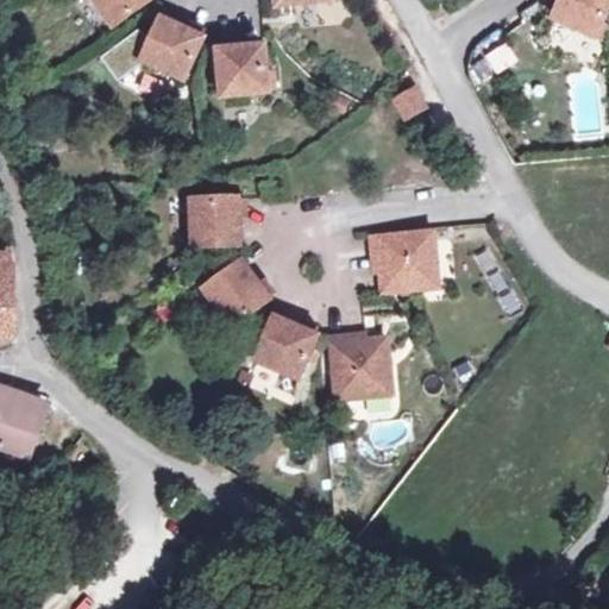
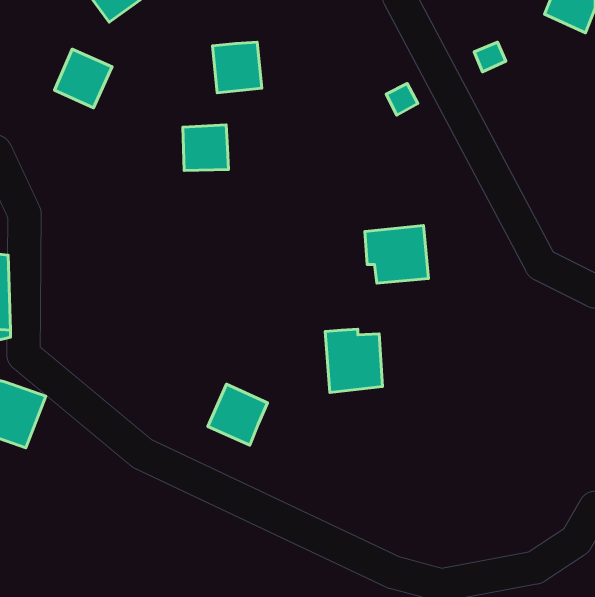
building: [140,17,199,76] -> [55,49,112,108]
building: [193,195,239,241] -> [183,125,229,171]
building: [203,259,265,324] -> none
building: [253,314,314,376] -> [208,384,268,445]

